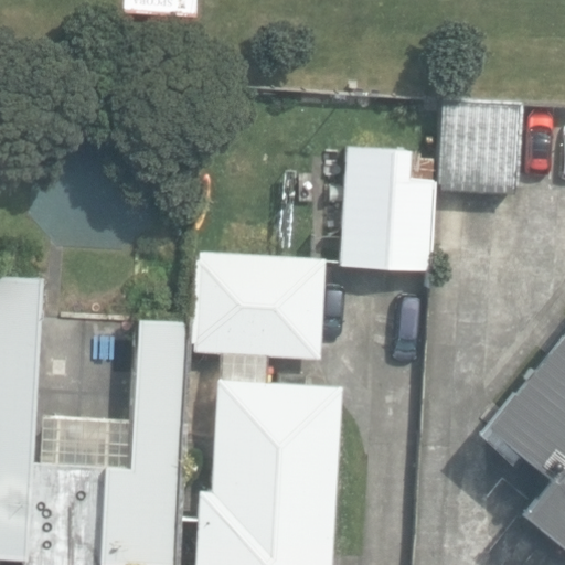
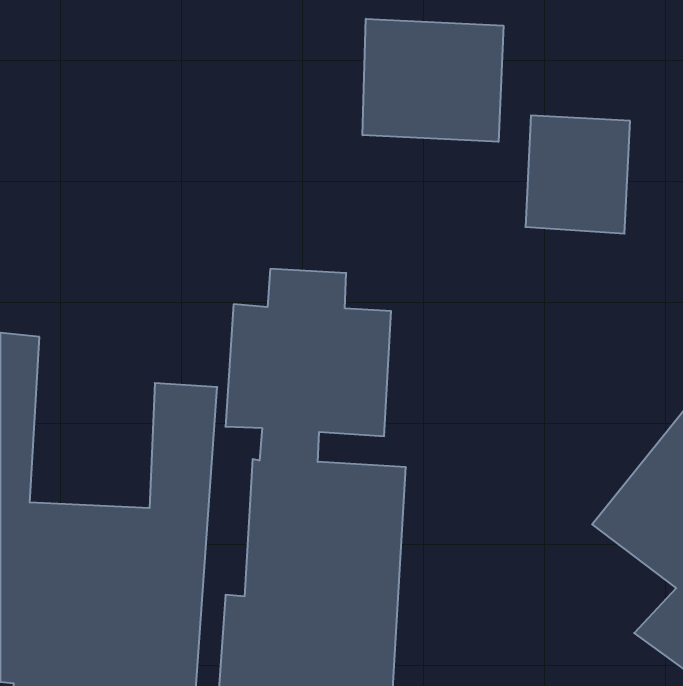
building: none -> [363,19,503,142]
building: [340,149,433,270] -> none

